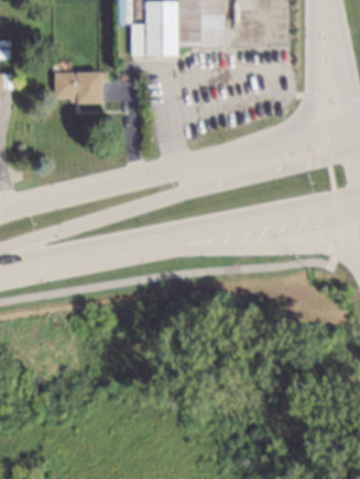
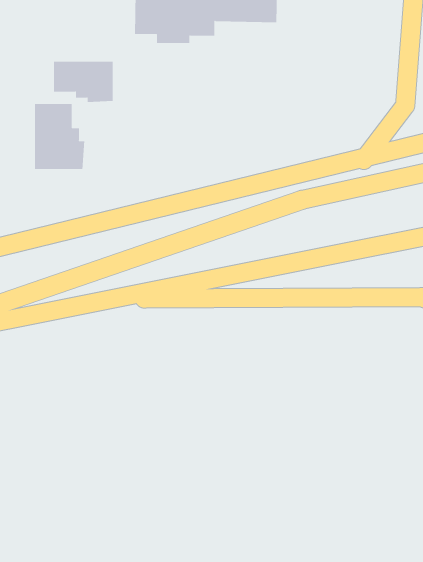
building: none -> [35,103,85,170]

